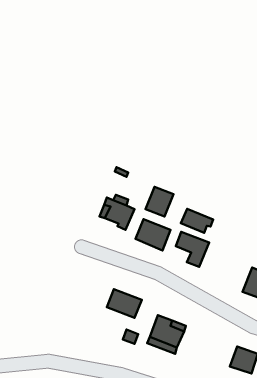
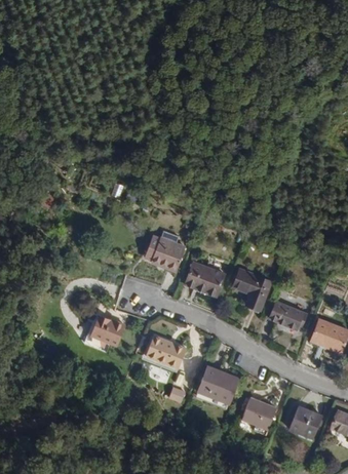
building: [146,187,173,216] -> none
building: [181,209,213,233] -> [270,299,307,326]
building: none -> [95,317,129,348]
building: none -> [242,400,277,432]

